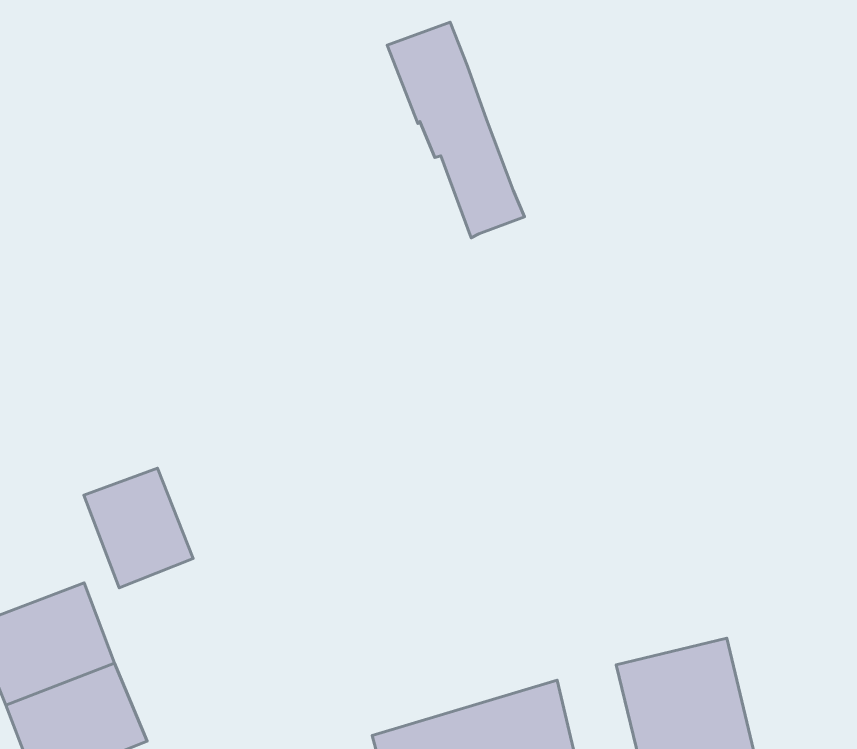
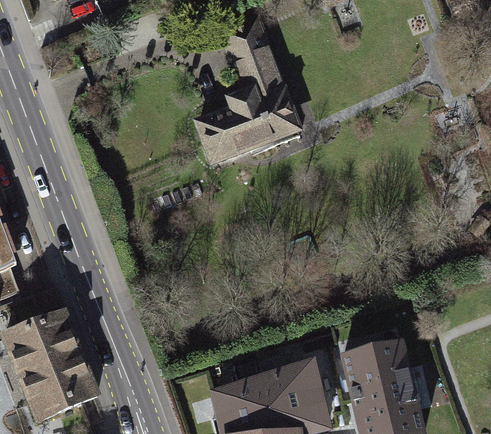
building: none -> [198,88,274,159]
building: [84,468,193,588] -> none

